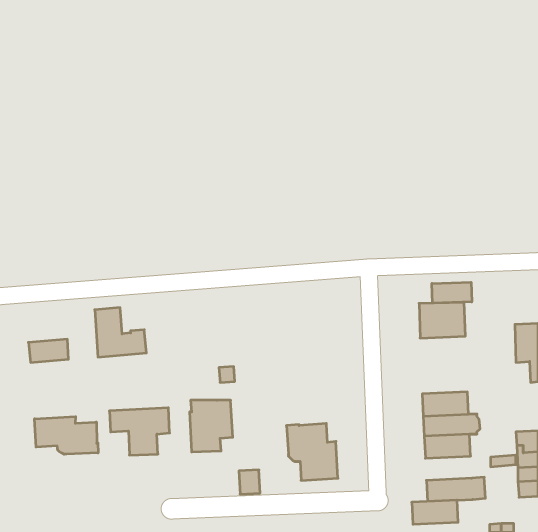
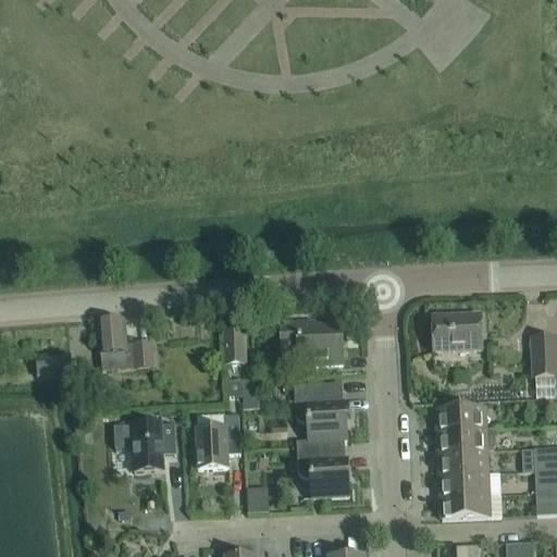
building: [432,282,472,303] -> none
building: none -> [281,320,343,363]
building: none -> [224,329,245,361]
building: none -> [294,381,346,440]
building: [35,417,98,454] -> none
building: [412,500,458,524] -> [440,471,487,496]

